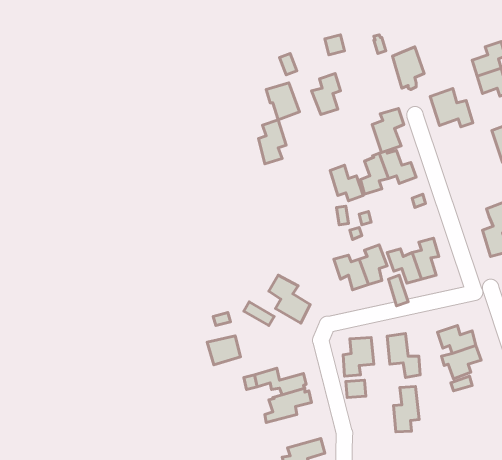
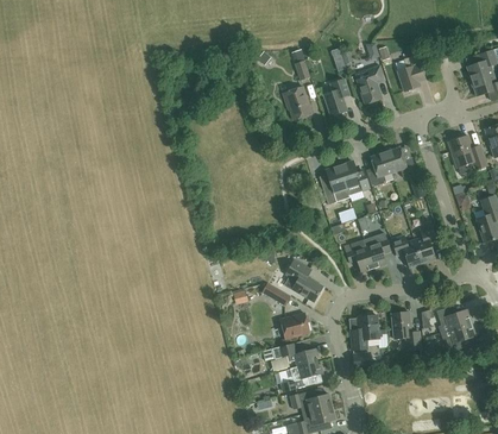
building: [430,88,473,127] -> [448,134,486,169]
building: [372,109,404,152] -> [357,65,385,105]
building: [258,120,286,164] -> [322,165,347,205]
building: [207,336,240,365] -> [279,313,309,339]
building: [393,386,419,432] -> none
building: none -> [290,390,332,414]

